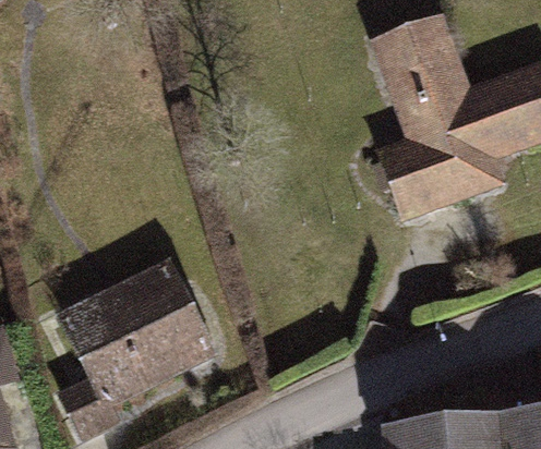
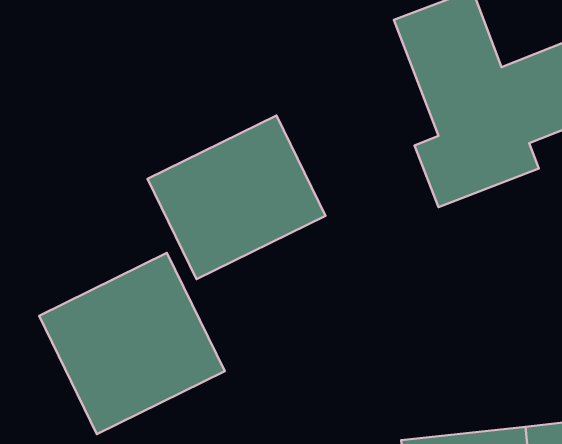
building: none -> [147,116,326,279]

